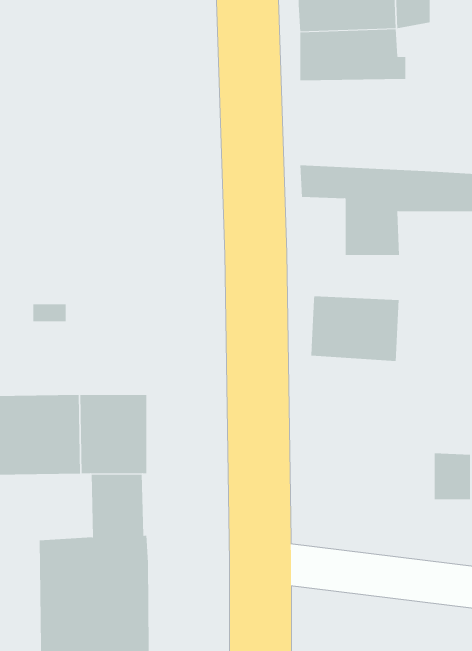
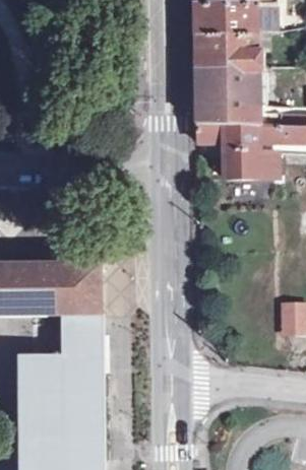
building: none -> [196,68,280,126]
building: [311,295,399,362] -> none

